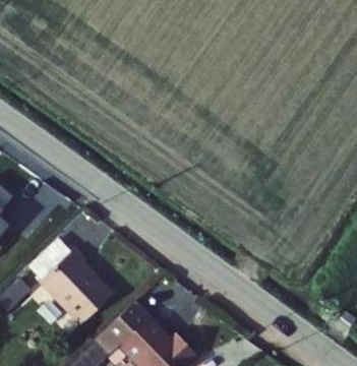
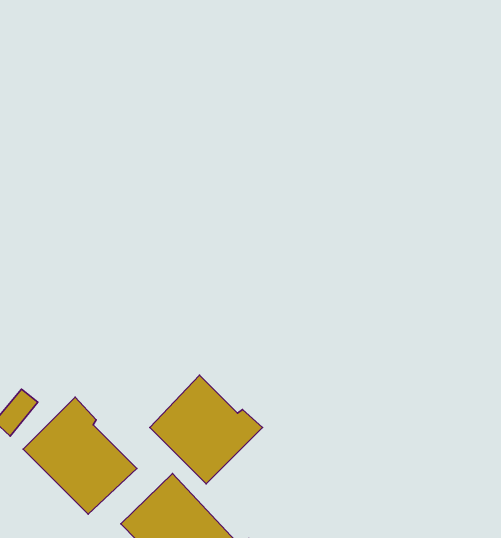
building: none -> [150,375,262,484]

